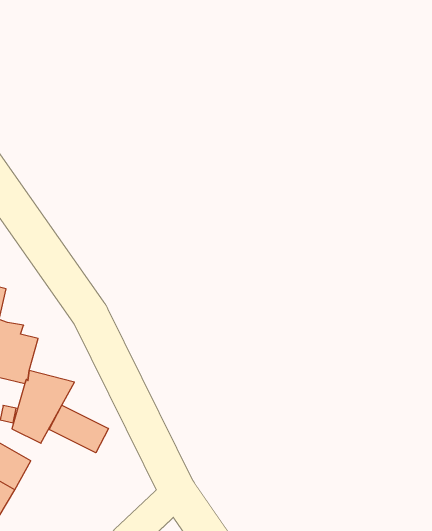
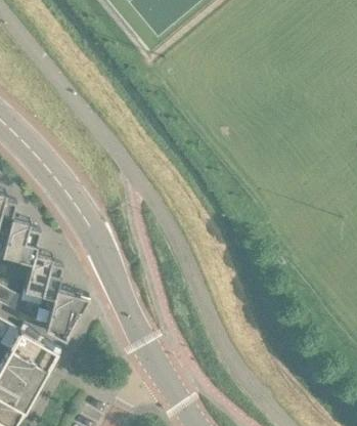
building: [49,405,108,453] -> none

